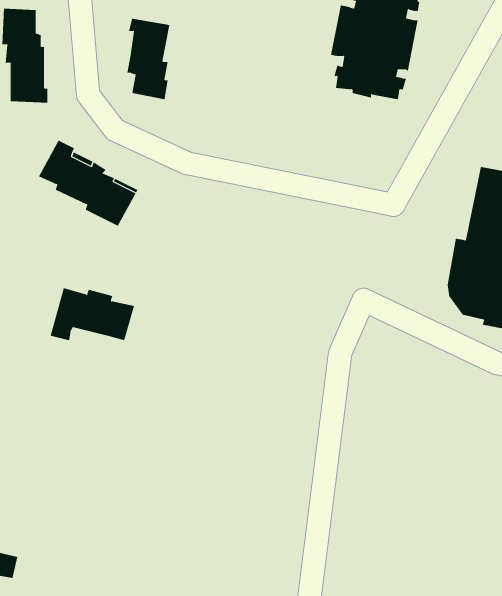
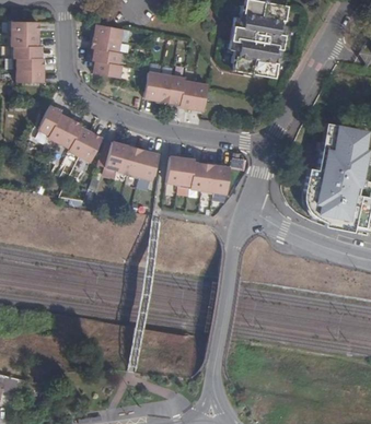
building: none -> [143,71,207,106]
building: none -> [165,156,229,195]
building: [50,288,135,341] -> [102,144,158,179]

